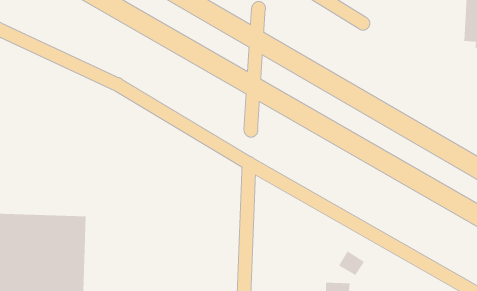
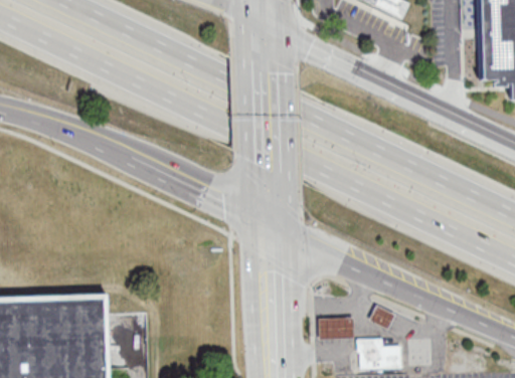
building: none -> [319,319,355,341]

